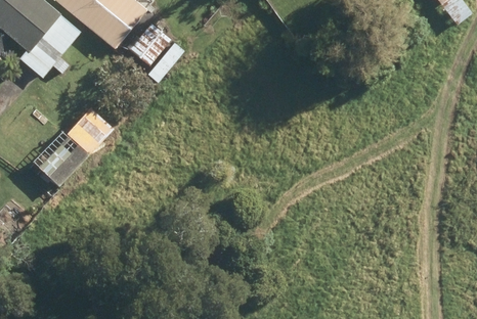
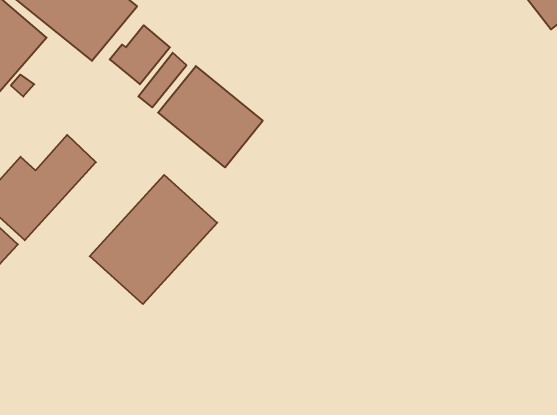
building: none -> [158,66,263,167]
building: none -> [90,175,217,304]

